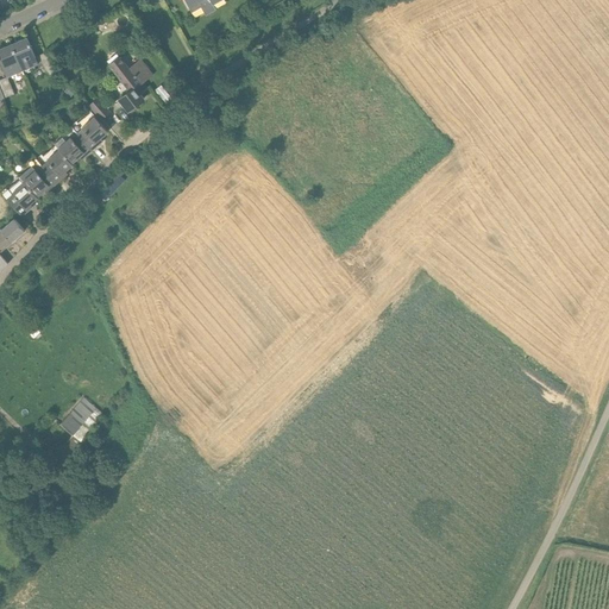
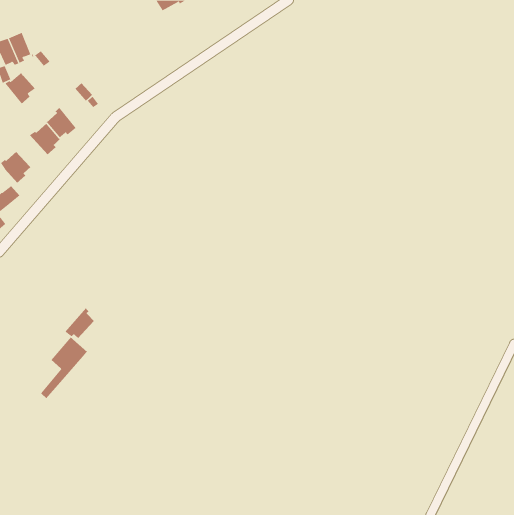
building: [112,57,155,112] -> none
building: [70,113,107,151] -> [4,72,36,105]
building: [18,159,56,196] -> none
building: none -> [65,308,95,339]

